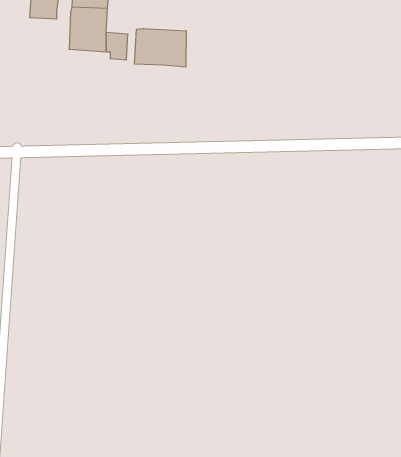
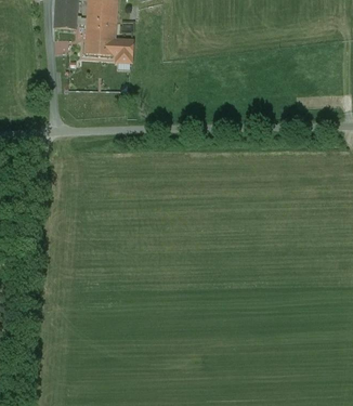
building: [135,28,186,67] -> none

